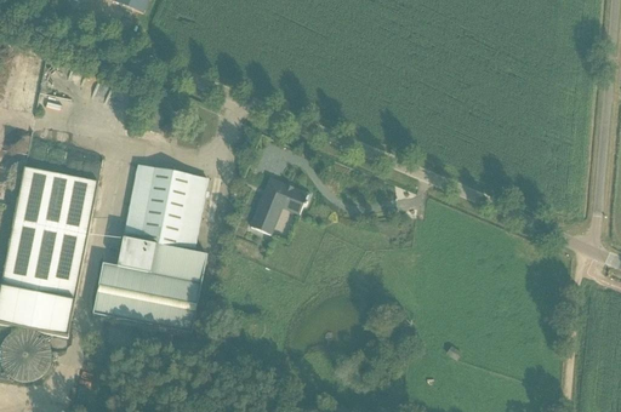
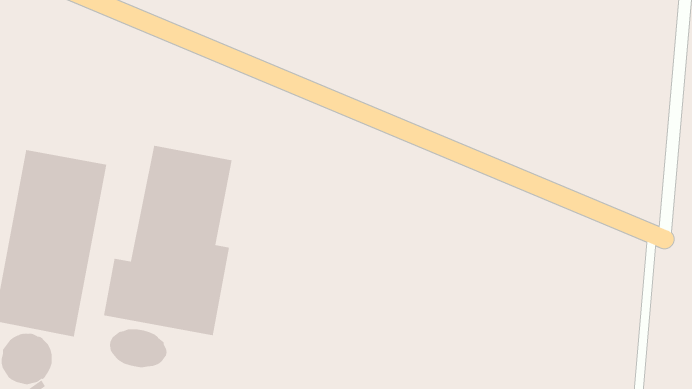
building: [247,174,307,233] -> none
building: none -> [109,329,167,368]

